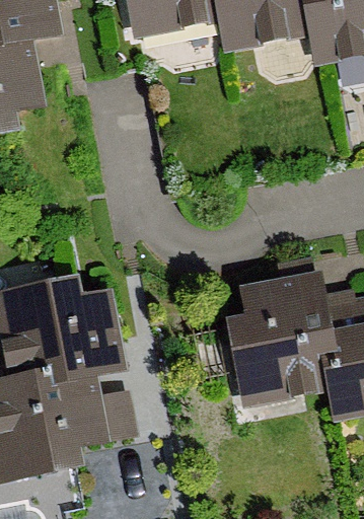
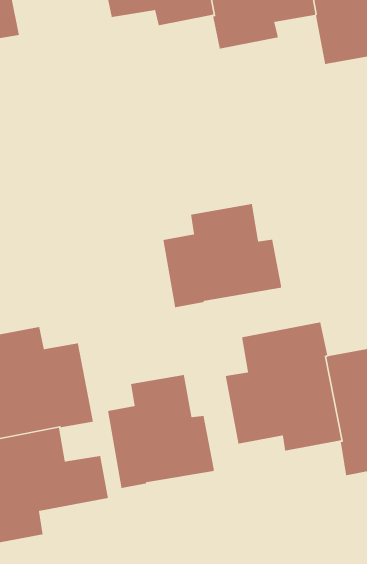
building: none -> [163,203,282,308]
building: none -> [107,374,215,489]

